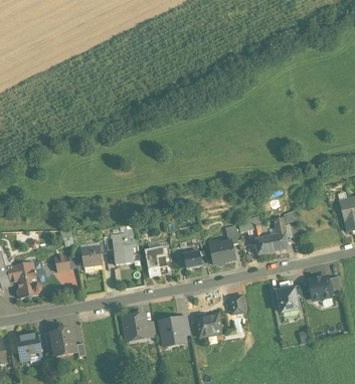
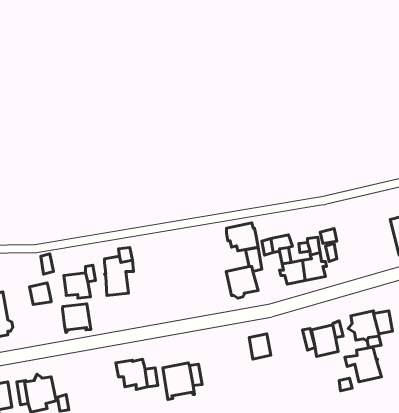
building: [144,245,168,275] -> none
building: [177,246,202,268] -> [226,223,258,251]
building: none -> [62,304,91,333]
building: none -> [345,347,381,382]
building: [196,313,222,336] -> none

